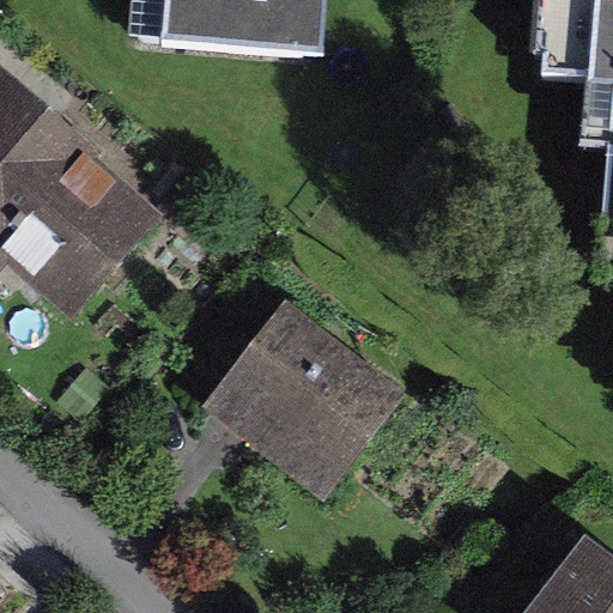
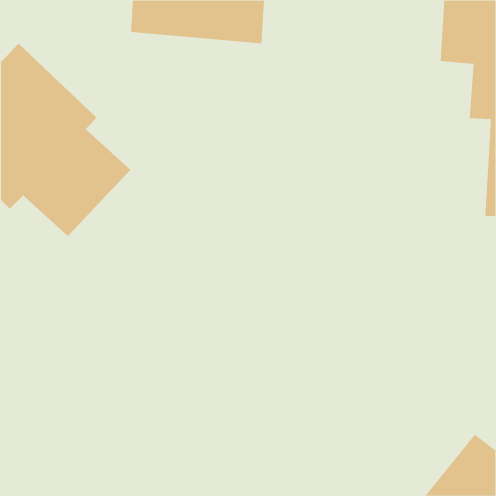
building: [201,299,407,502] -> none

